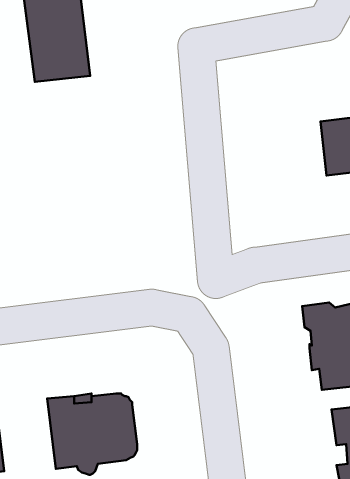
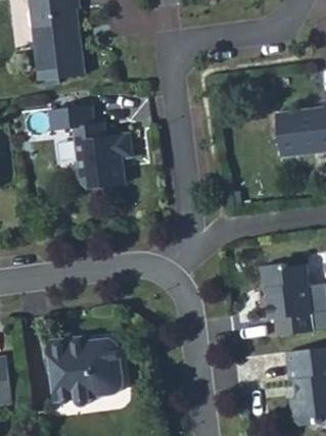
building: none -> [47,104,131,188]

